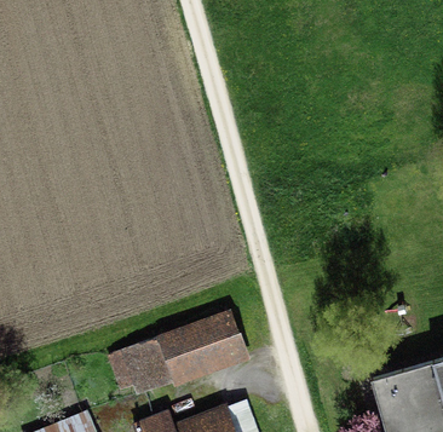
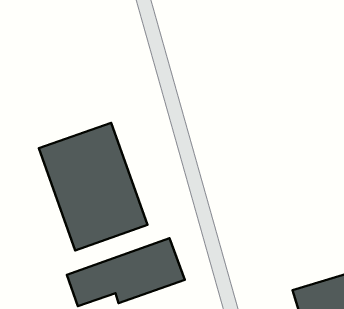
building: none -> [39,123,147,250]

